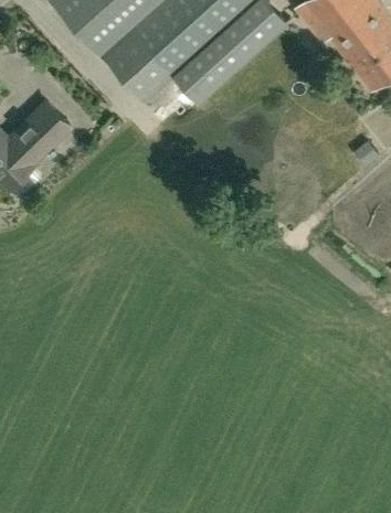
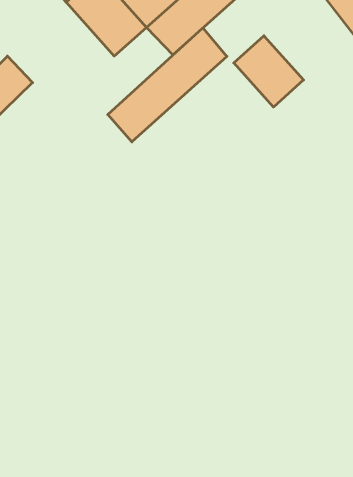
building: none -> [108,28,227,142]
building: none -> [234,36,304,107]

